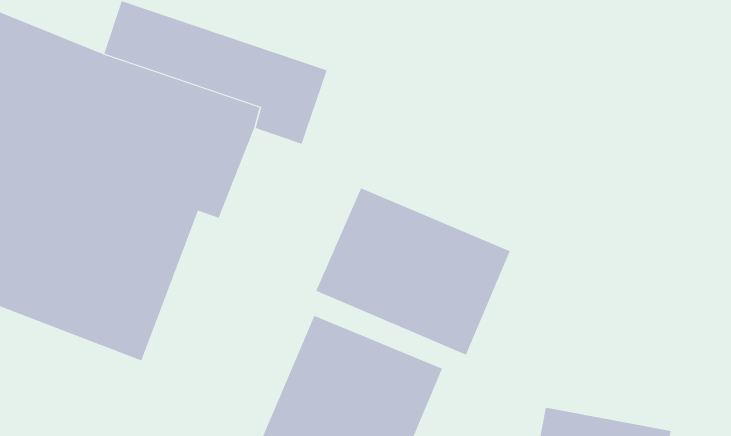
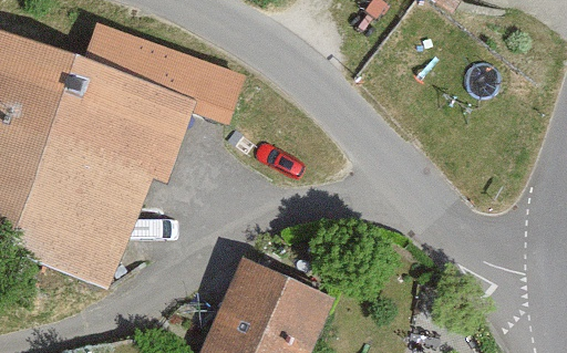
building: [315,187,511,356] -> none

